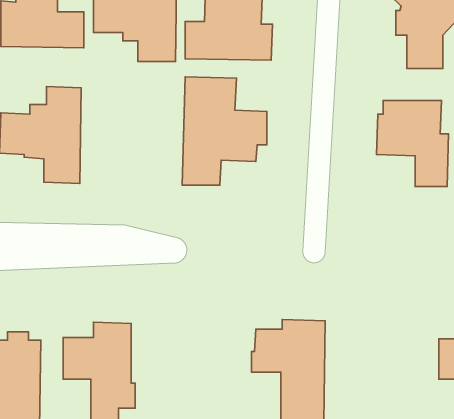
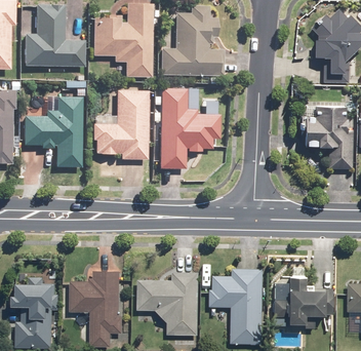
building: none -> [91,89,150,159]
building: none -> [137,272,200,336]
building: none -> [275,277,334,324]

